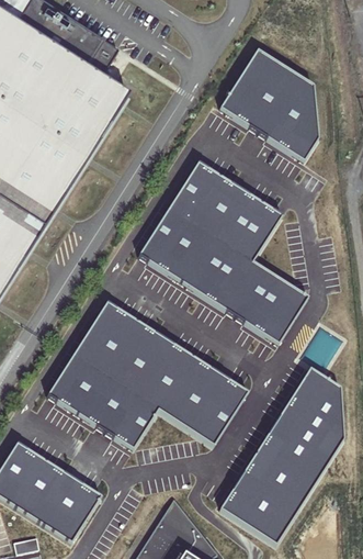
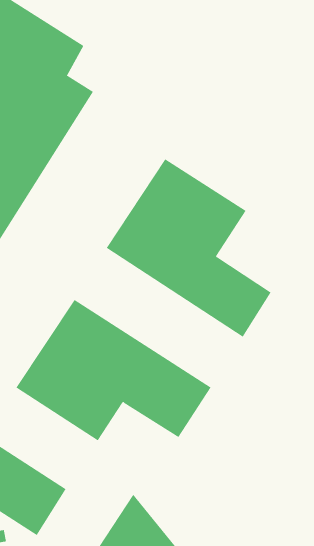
building: [220,48,318,158] -> none
building: [220,367,343,541] -> none

